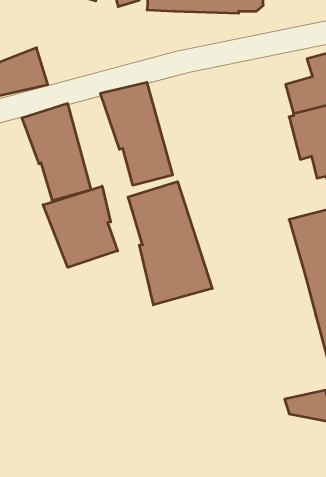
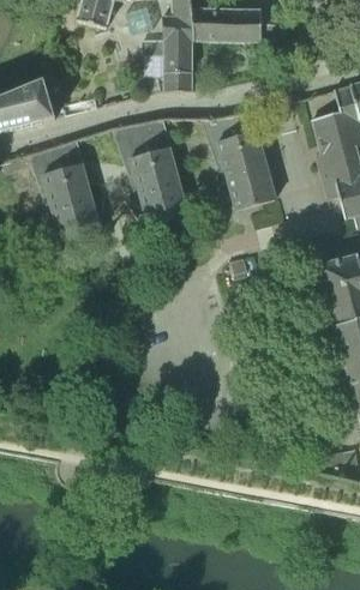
building: none -> [143,38,193,90]
building: none -> [203,109,278,210]
building: [128,182,212,305] -> none
building: [43,186,118,267] -> none

